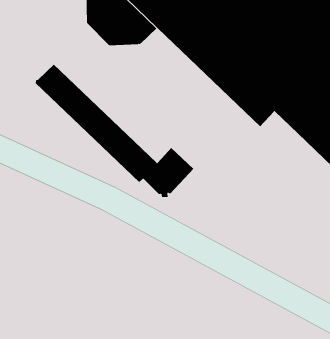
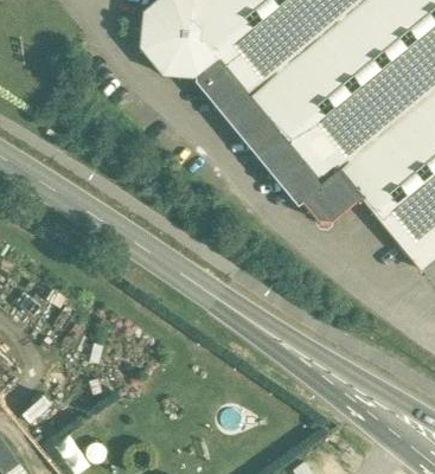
building: [35,64,194,198] -> [194,62,360,225]

